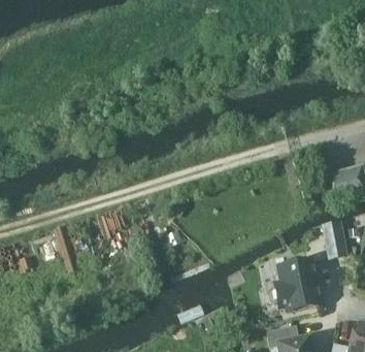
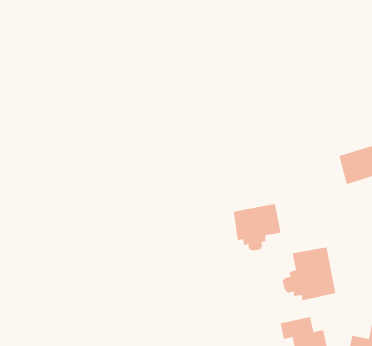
building: none -> [233,203,281,251]
building: [324,221,346,256] -> none

